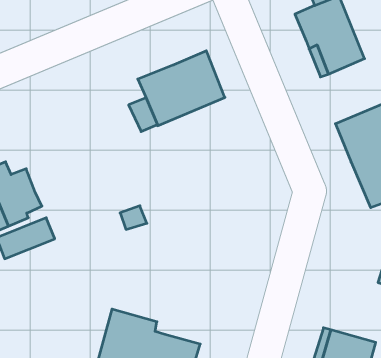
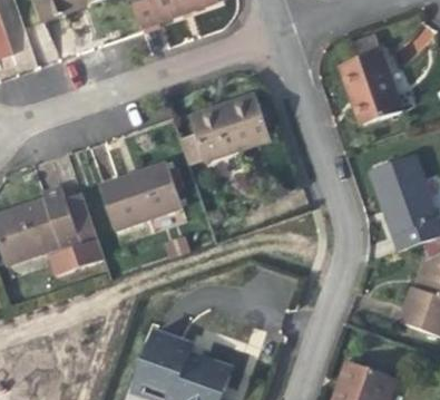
building: none -> [100,163,183,233]

